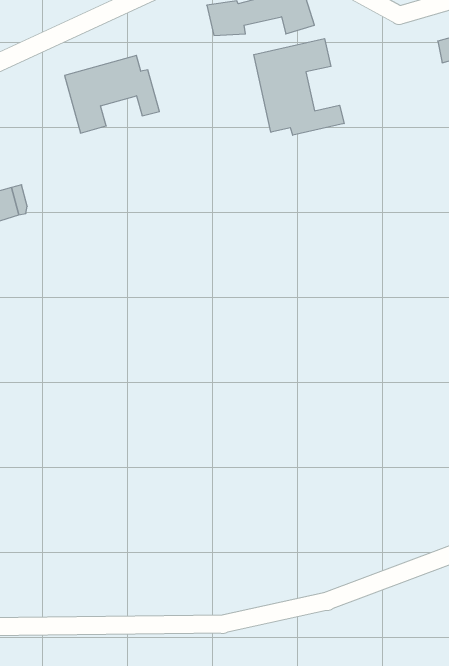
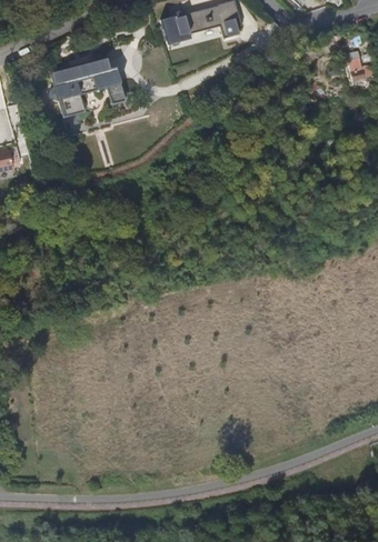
building: [254,39,344,135] -> none

